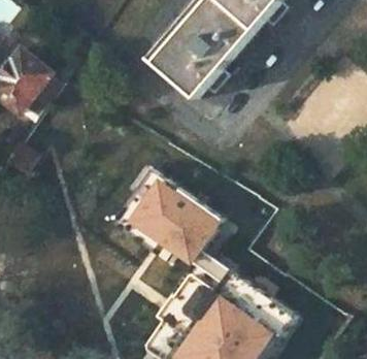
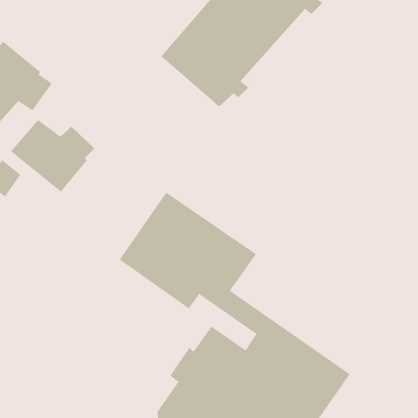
building: none -> [10,119,95,193]

